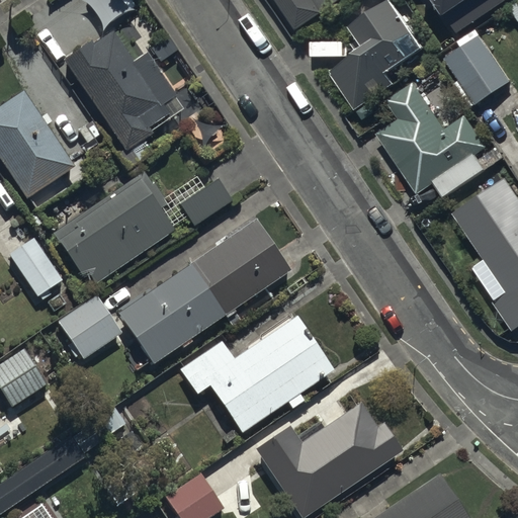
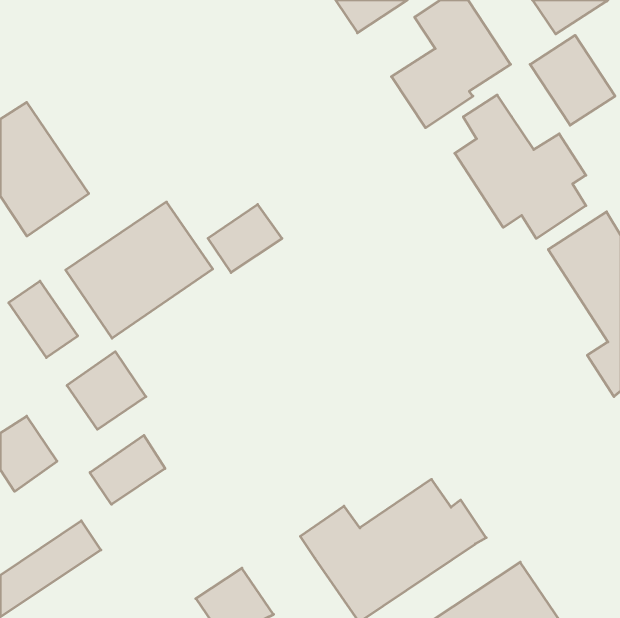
building: [62,24,176,152] -> none
building: [113,217,291,366] -> none
building: [178,314,333,433] -> none
building: none -> [90,435,165,504]

